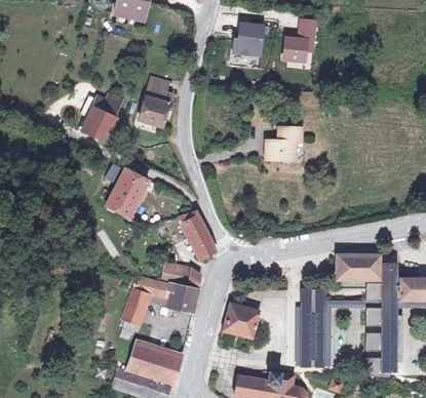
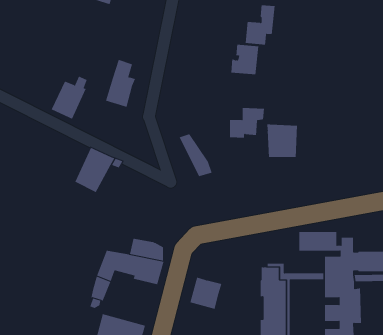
building: [232,26,262,57] -> [230,44,259,75]
building: none -> [267,123,298,158]
building: [180,211,215,256] -> [179,133,212,177]

